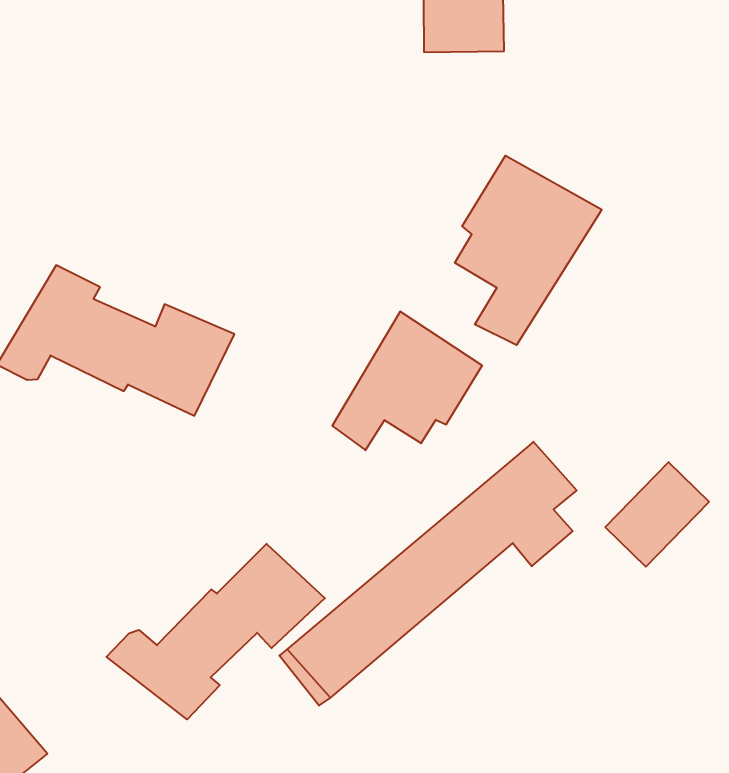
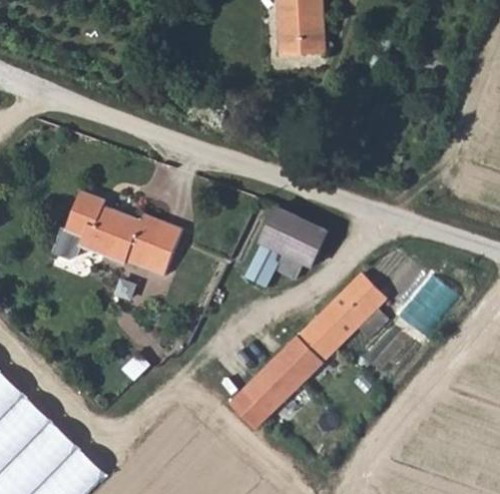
building: [455,156,602,345] -> none
building: [106,544,325,719] -> none

